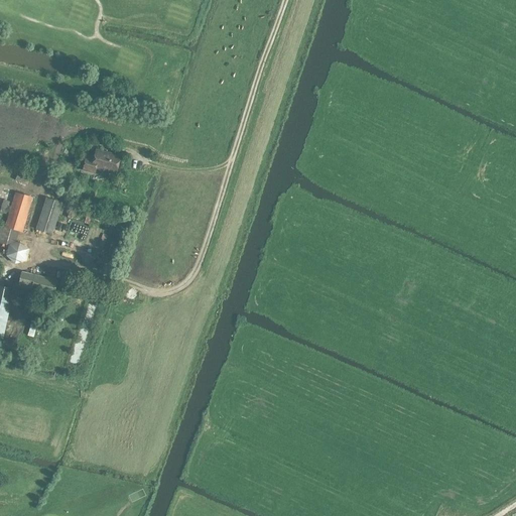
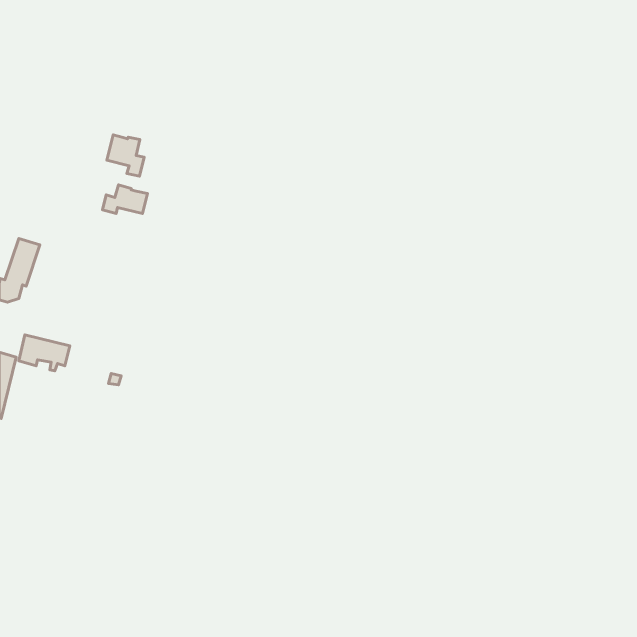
building: none -> [107,135,144,176]
building: [35,198,60,233] -> none

